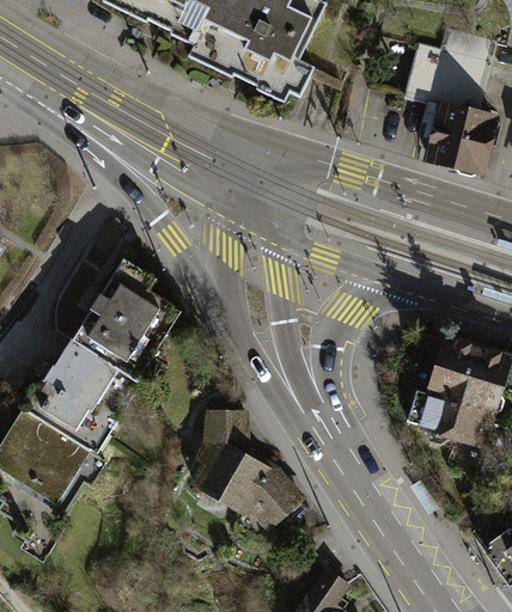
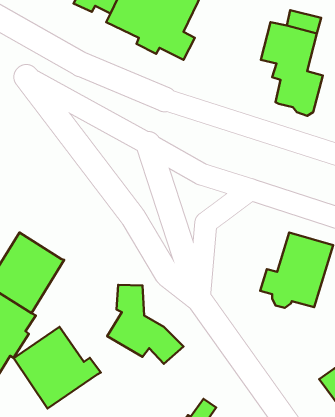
building: [72,257,173,374] -> none
building: none -> [14,327,101,408]

